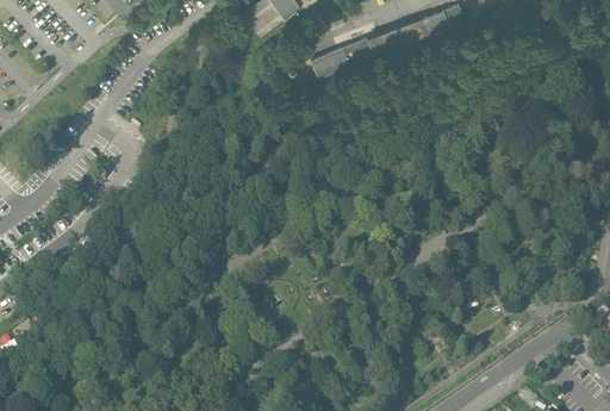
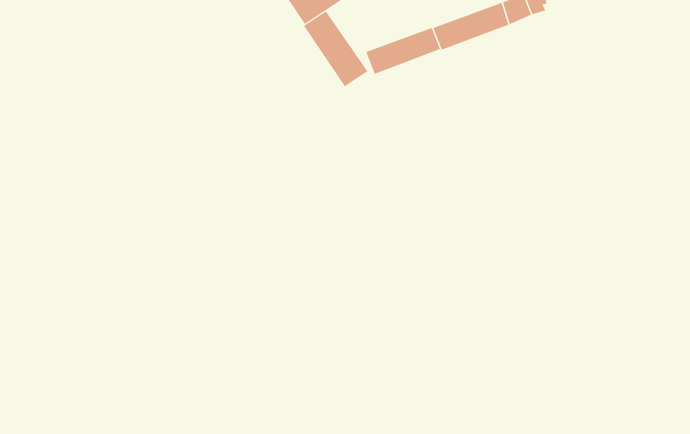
building: none -> [303,11,368,87]

